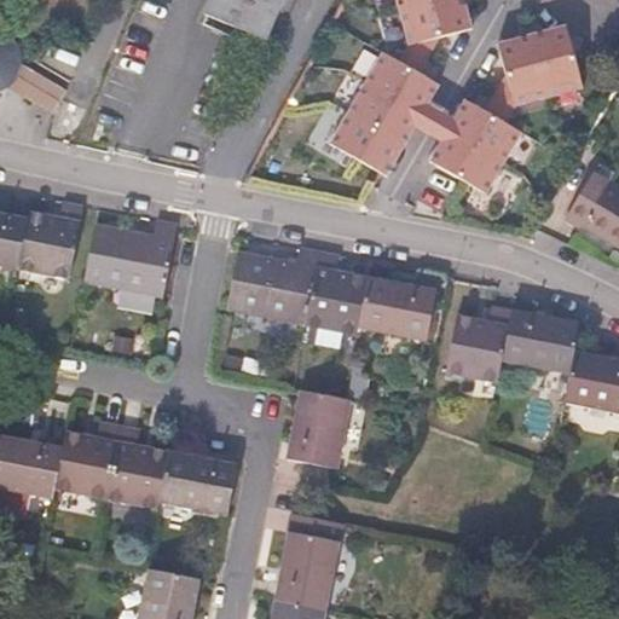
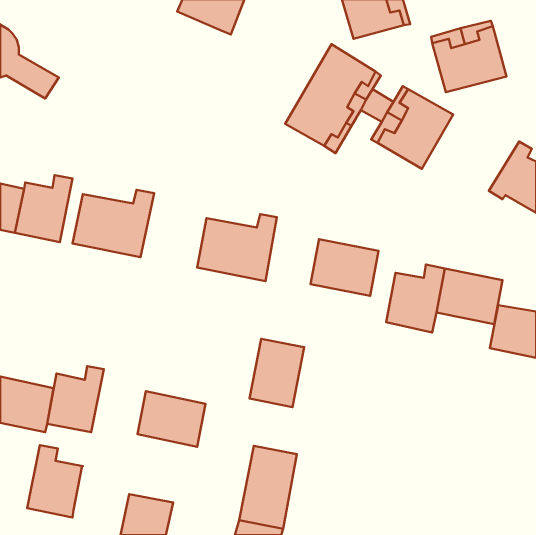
building: [306,250,368,335] -> none
building: [105,426,169,509] -> [27,445,83,518]

